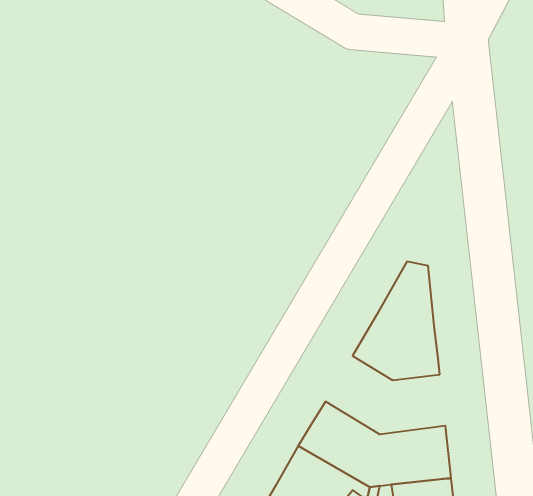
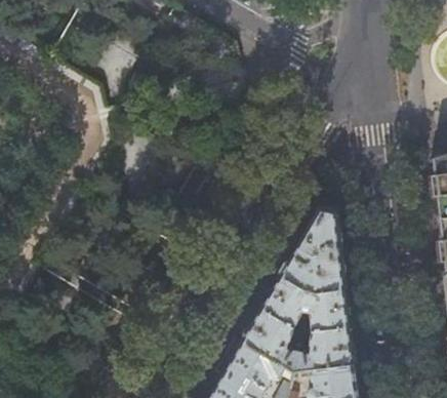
building: none -> [261,277,348,333]

